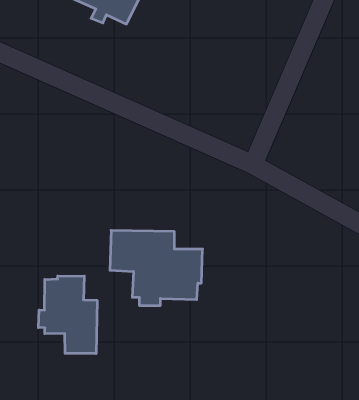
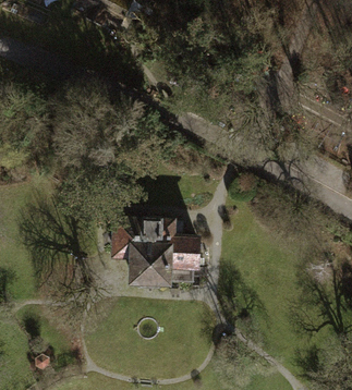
building: [38,276,97,354] -> none

